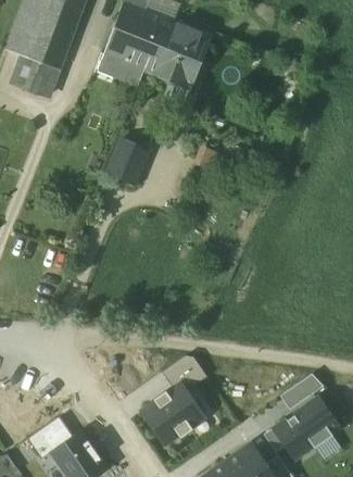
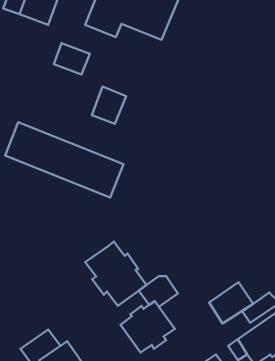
building: [17,58,59,93] -> [54,43,90,75]
building: none -> [5,122,123,197]
building: none -> [85,242,146,306]
building: none -> [209,282,253,324]

